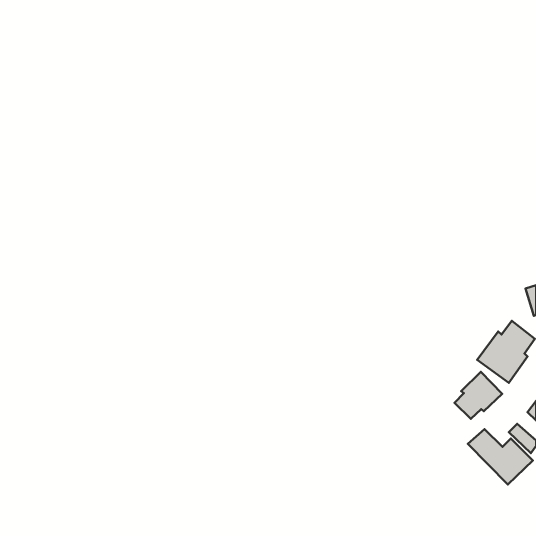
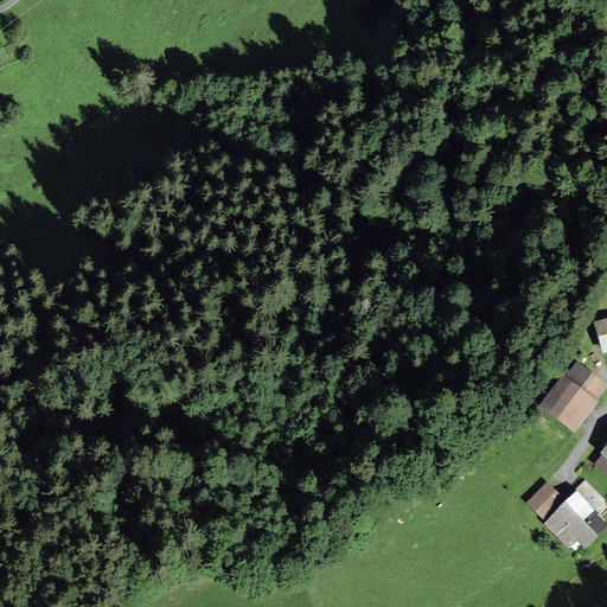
building: [455,372,502,419] -> none

